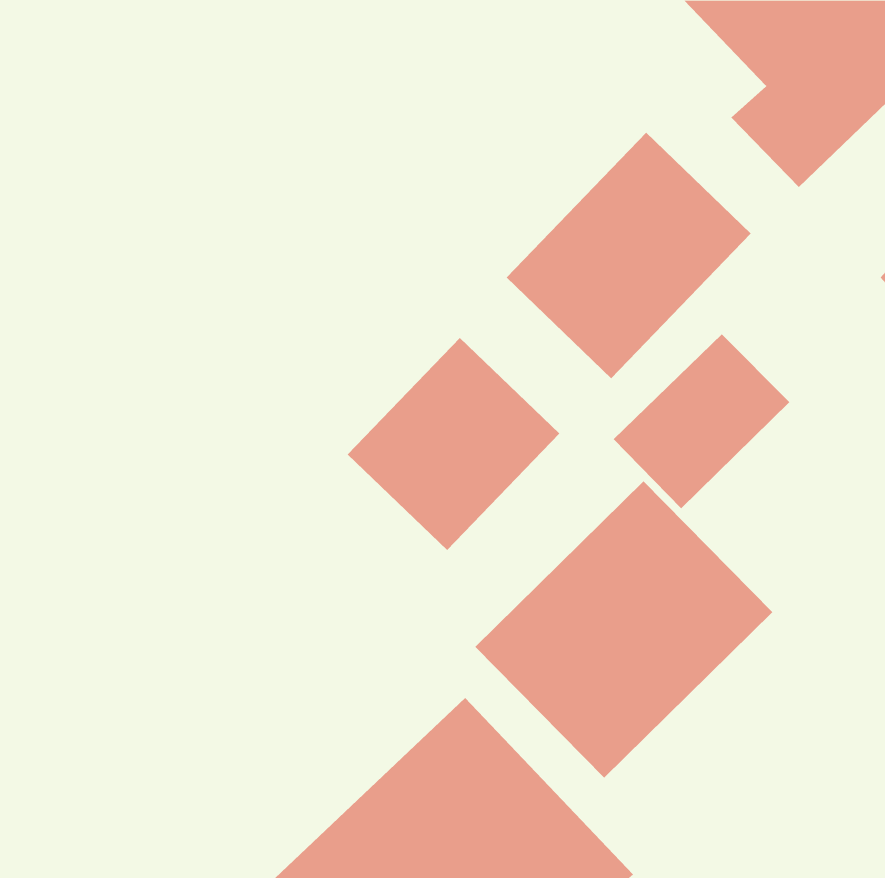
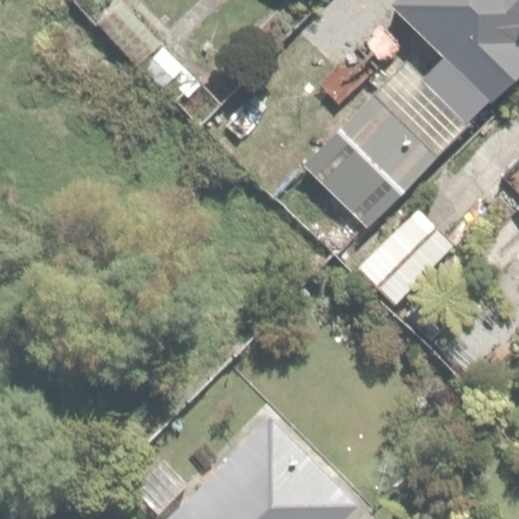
building: [347,337,560,551] -> none
building: [474,481,773,778] -> none

